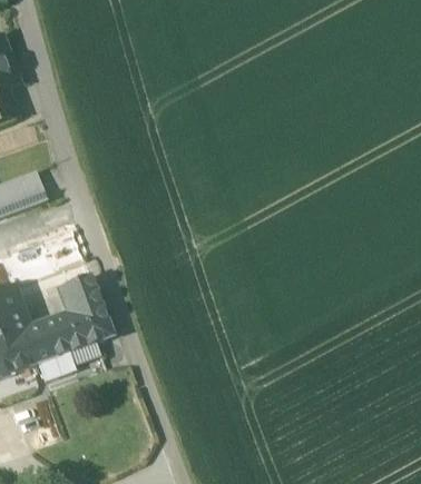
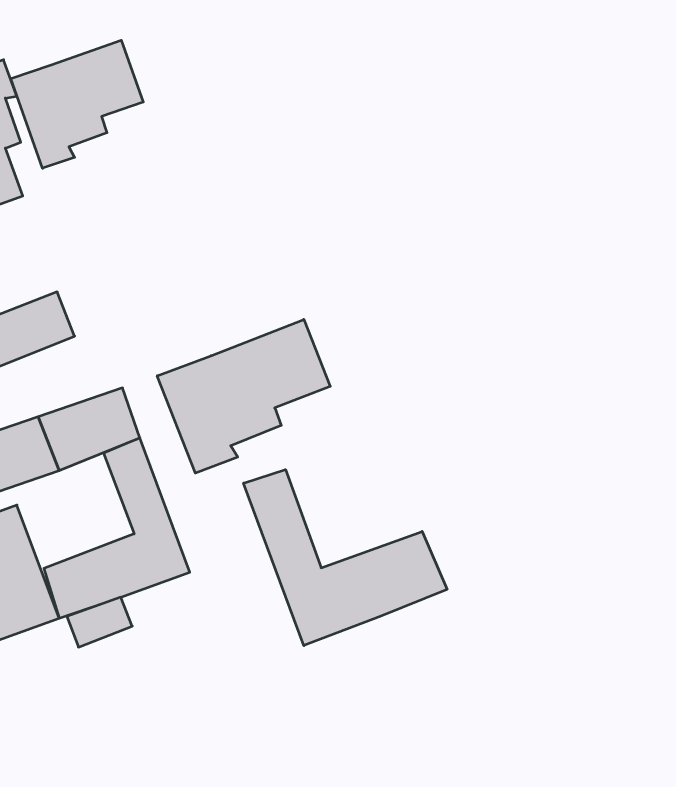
building: none -> [11,40,143,168]
building: none -> [157,319,330,473]
building: none -> [244,470,447,646]

